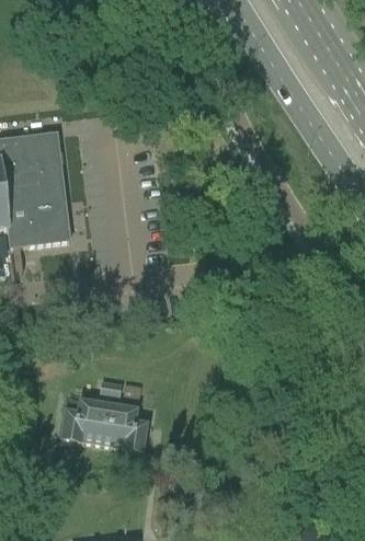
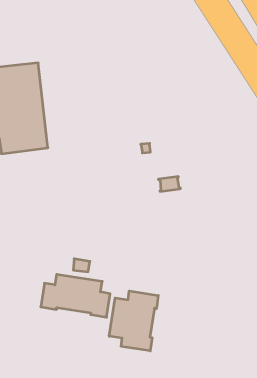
building: none -> [109,291,158,351]

